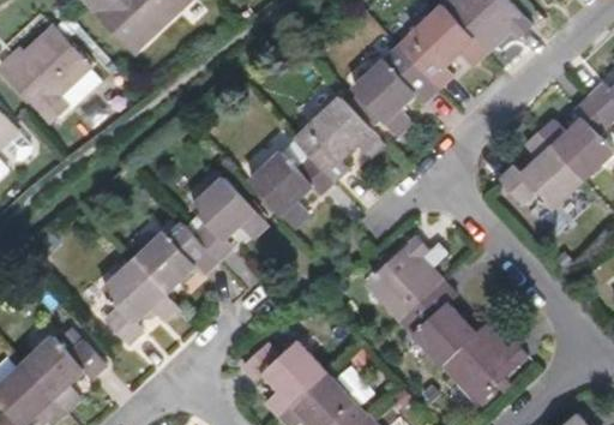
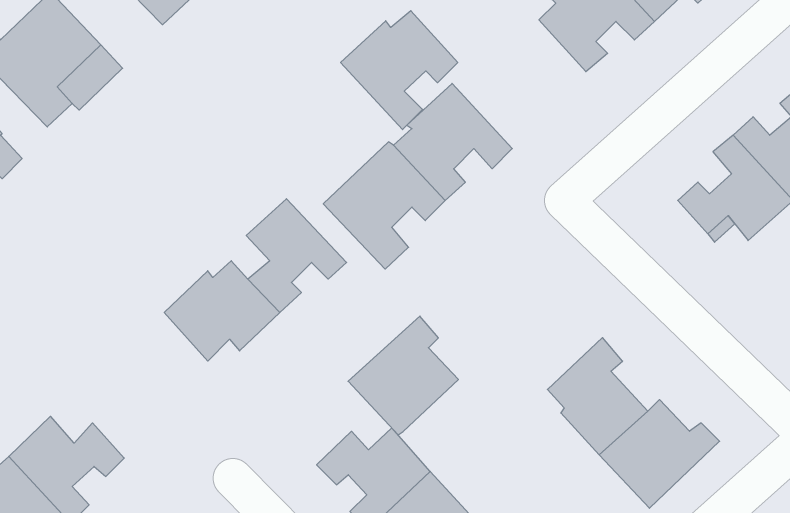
building: [350,49,434,134] -> [341,11,458,130]
building: [367,232,446,317] -> [348,316,458,435]
building: [102,259,175,342] -> none

